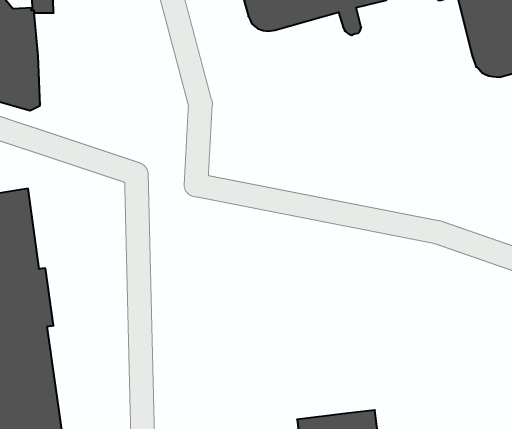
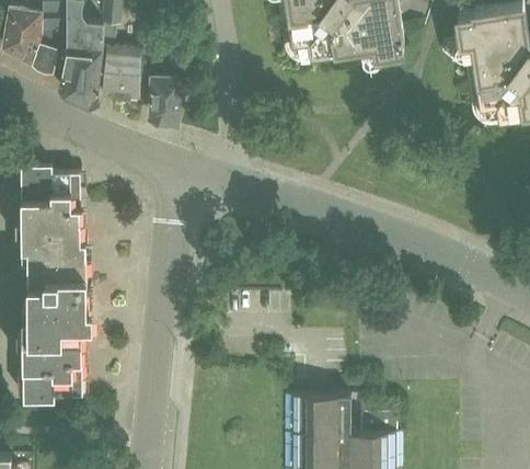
building: none -> [149,48,185,125]
building: none -> [103,45,140,96]

